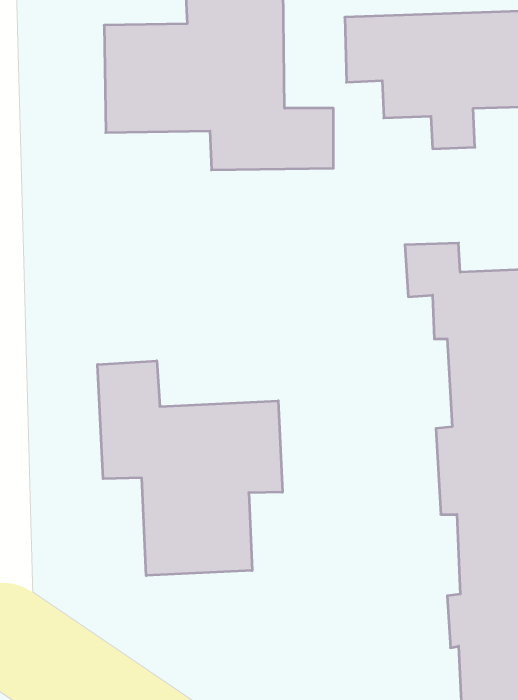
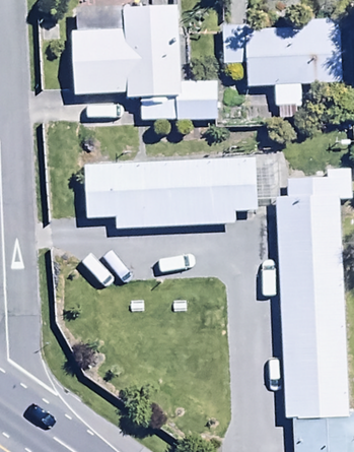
building: none -> [81,155,256,229]
building: [98,361,282,576] -> none

